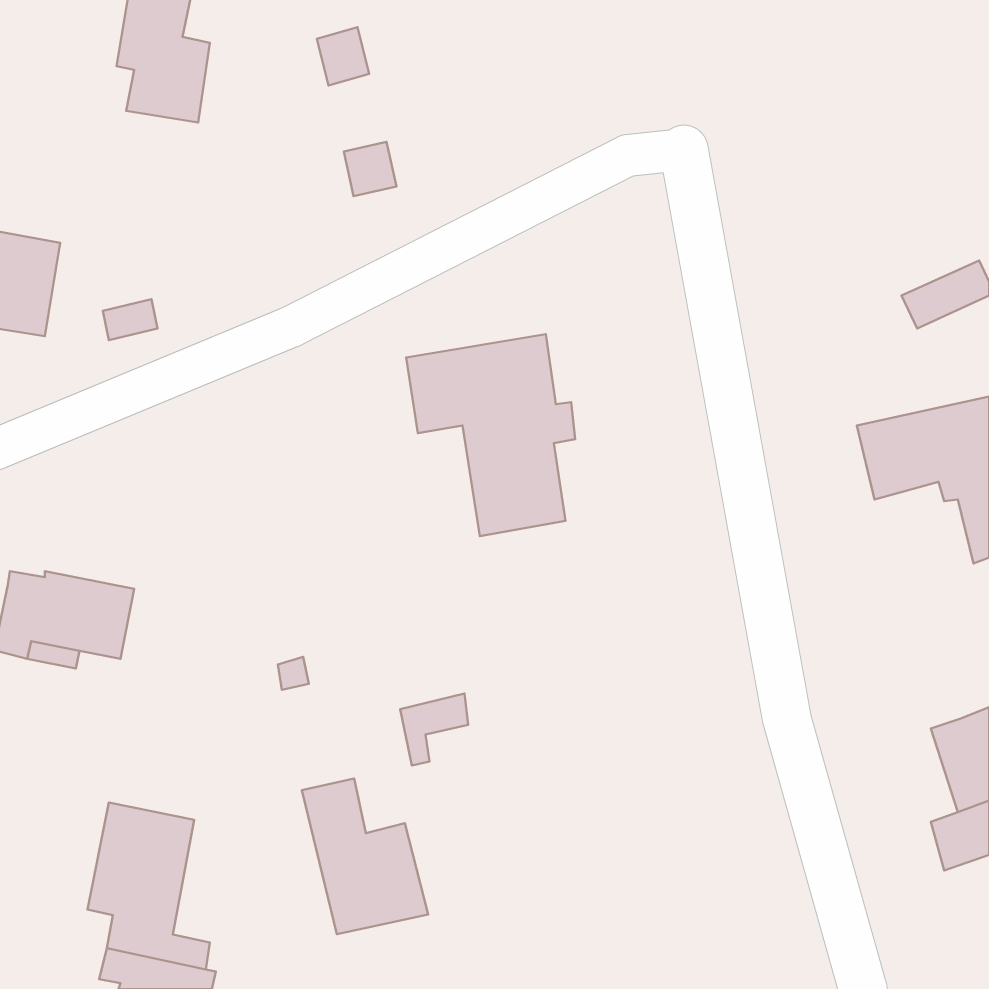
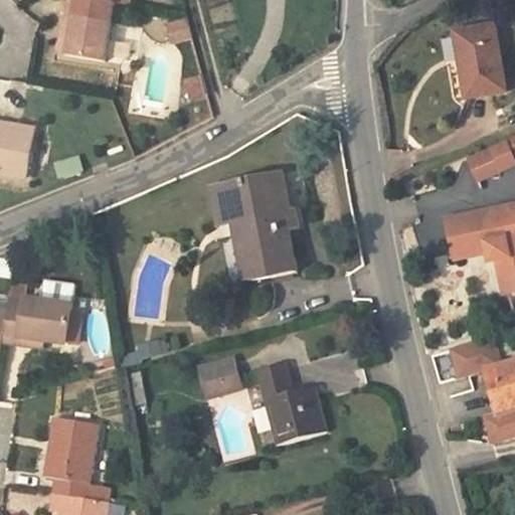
building: none -> [452,20,504,94]
building: none -> [447,345,497,386]
building: [302,779,428,934] -> [262,364,327,445]

